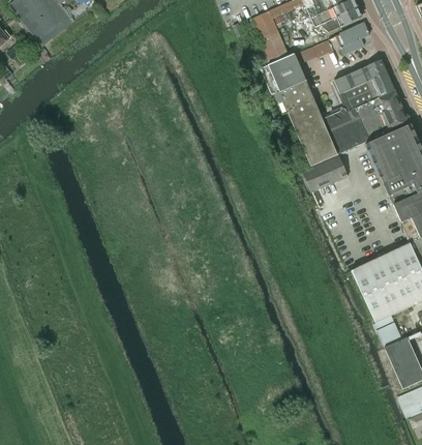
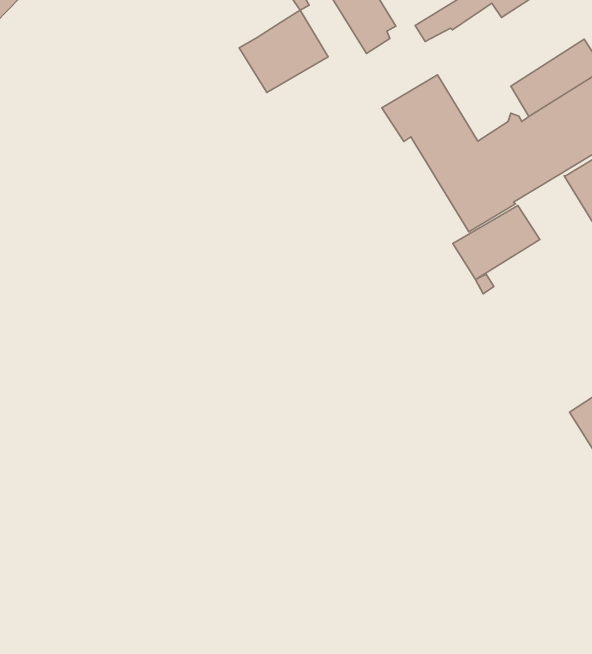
building: [259,52,305,93] -> [239,10,328,92]
building: [333,59,386,92] -> none

